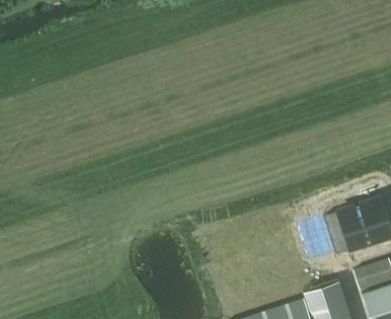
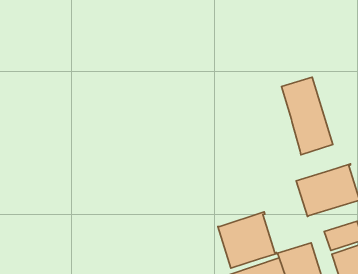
building: none -> [282,77,333,155]
building: none -> [218,212,277,268]

